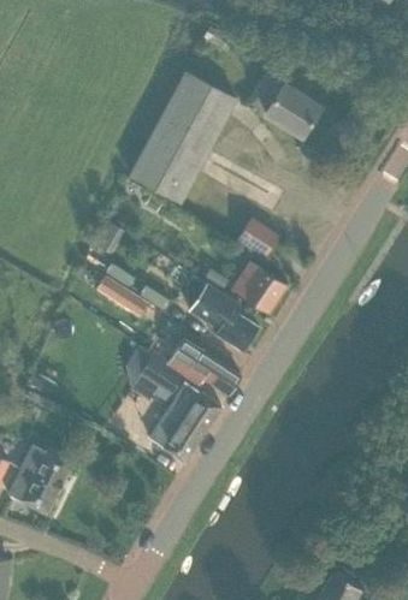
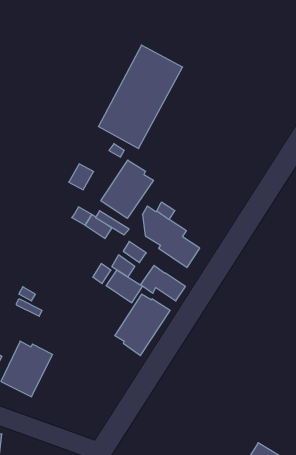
building: [254,72,321,136] -> none
building: [236,216,278,259] -> none
building: none -> [101,160,153,218]
building: [232,262,285,311] -> none

